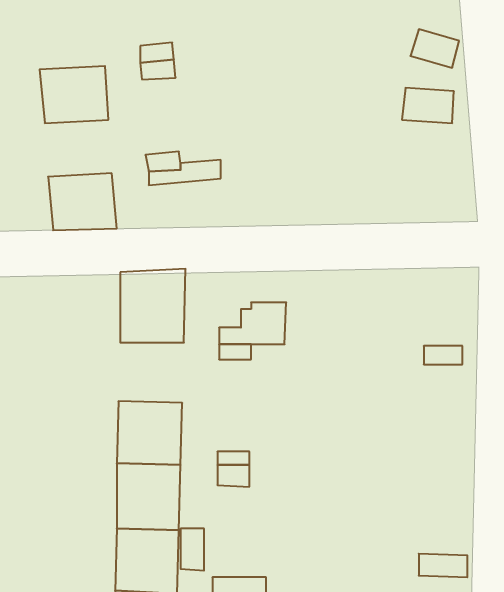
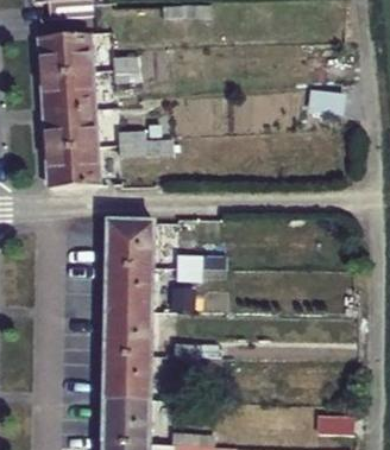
building: none -> [45,34,94,76]
building: none -> [51,112,99,152]
building: none -> [103,270,150,312]

